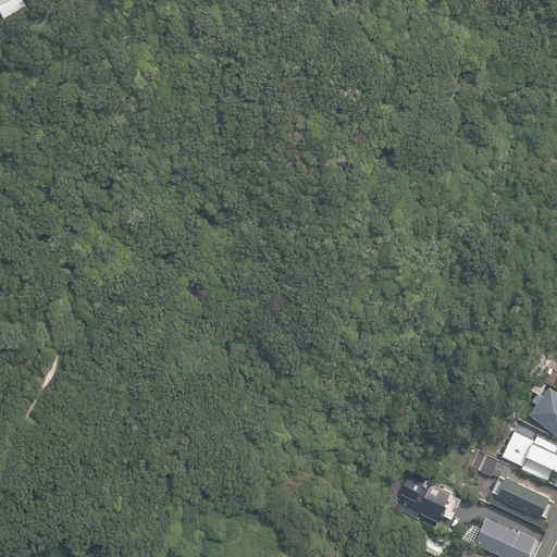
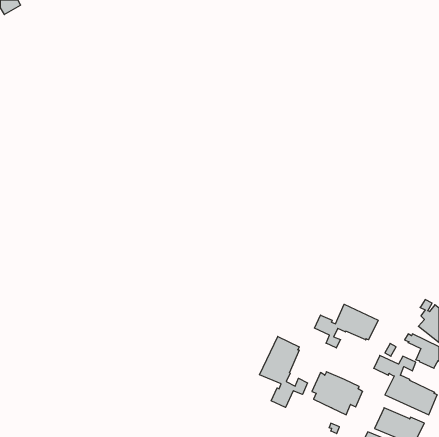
building: none -> [315,304,378,348]
building: none -> [260,336,308,407]

